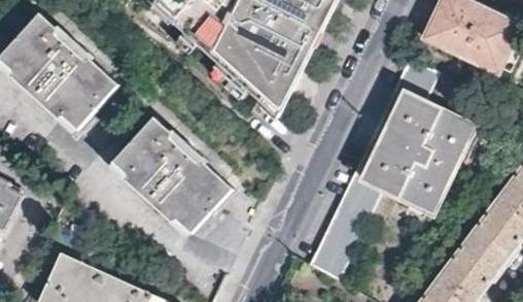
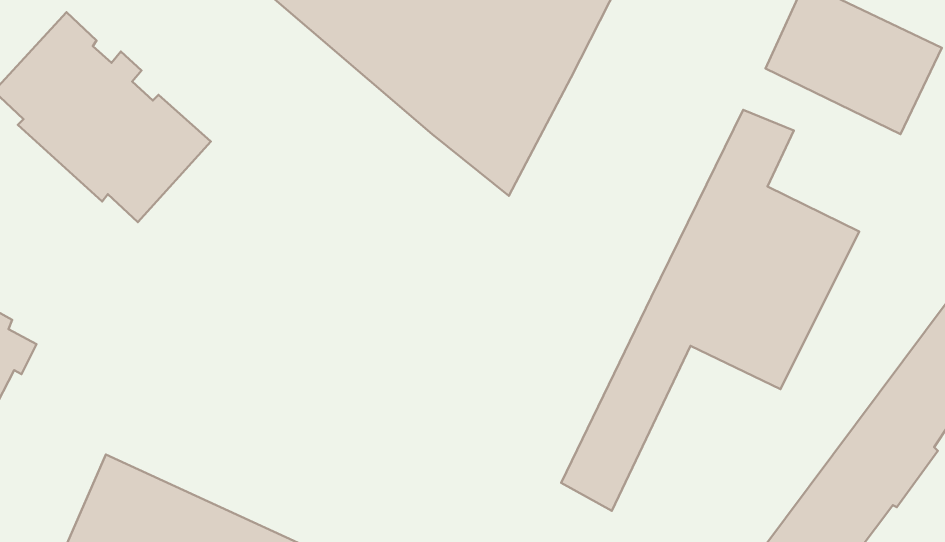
building: [113,114,232,229] -> none

